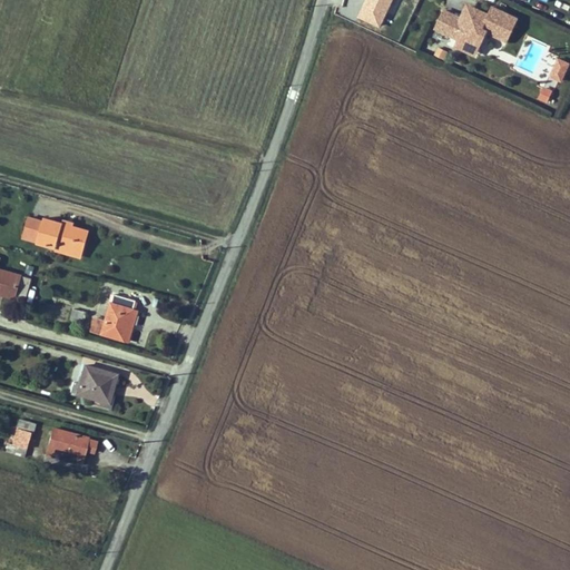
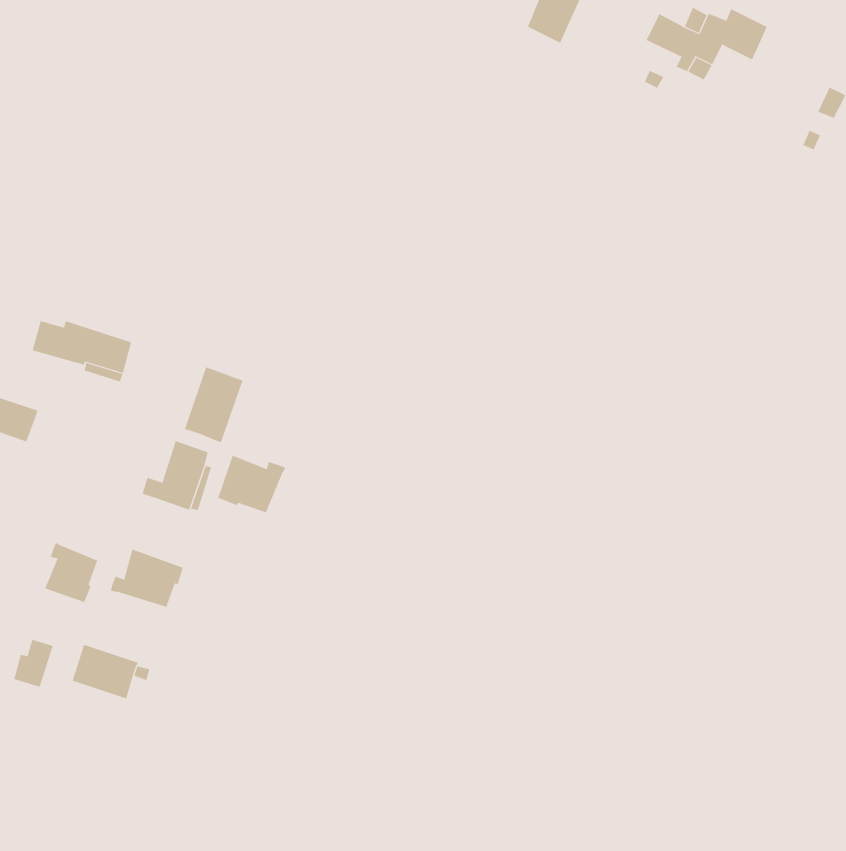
building: none -> [184,367,243,443]
building: none -> [217,455,286,513]
building: none -> [45,542,98,603]

